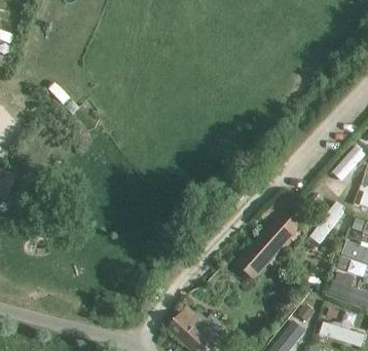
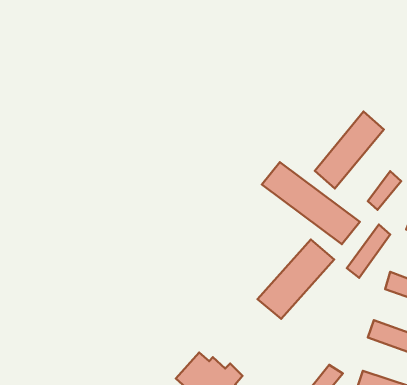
building: none -> [315,112,384,189]
building: none -> [262,162,360,244]

